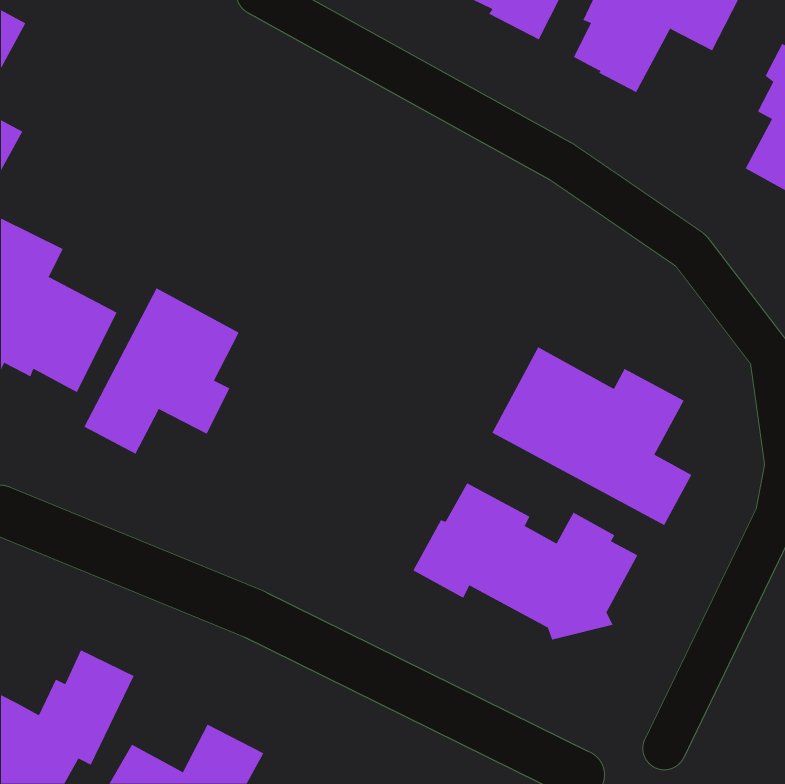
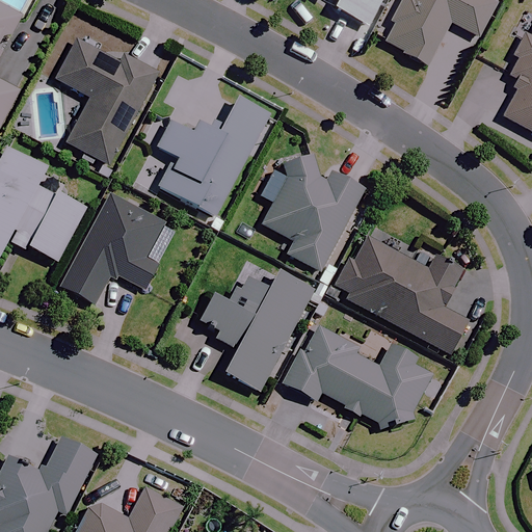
building: none -> [55,39,156,165]
building: none -> [165,98,274,214]
building: none -> [263,151,366,268]
building: none -> [201,269,316,389]

